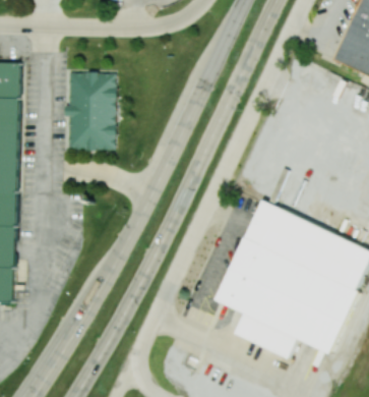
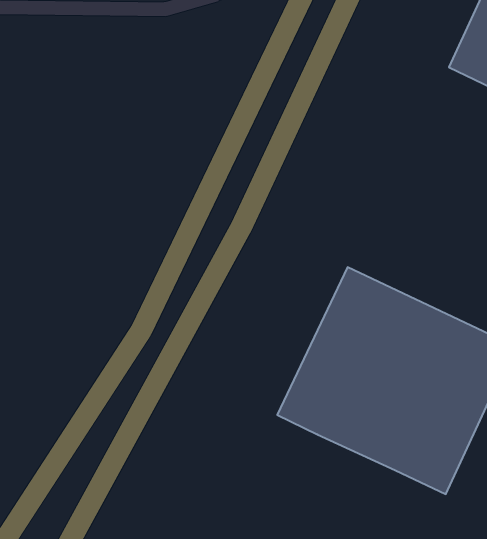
building: [66,70,115,149] -> none
building: [236,313,298,358] -> none

